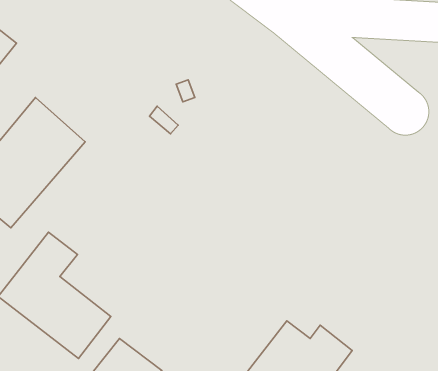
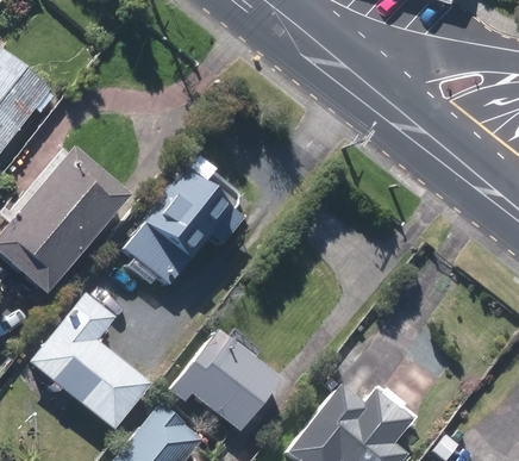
building: none -> [129,173,248,286]
building: none -> [171,329,282,429]

